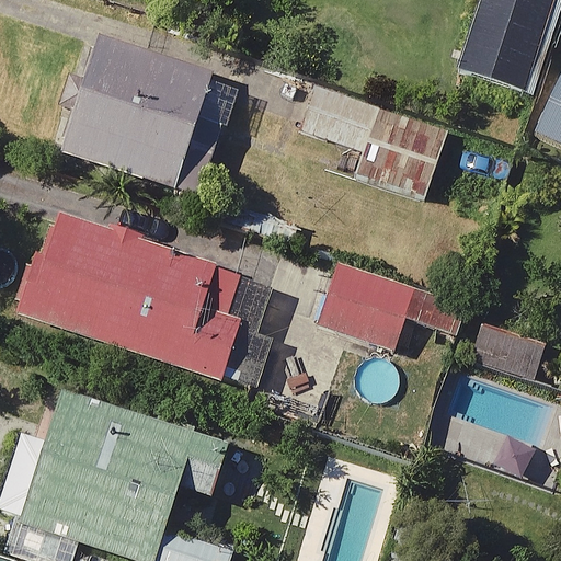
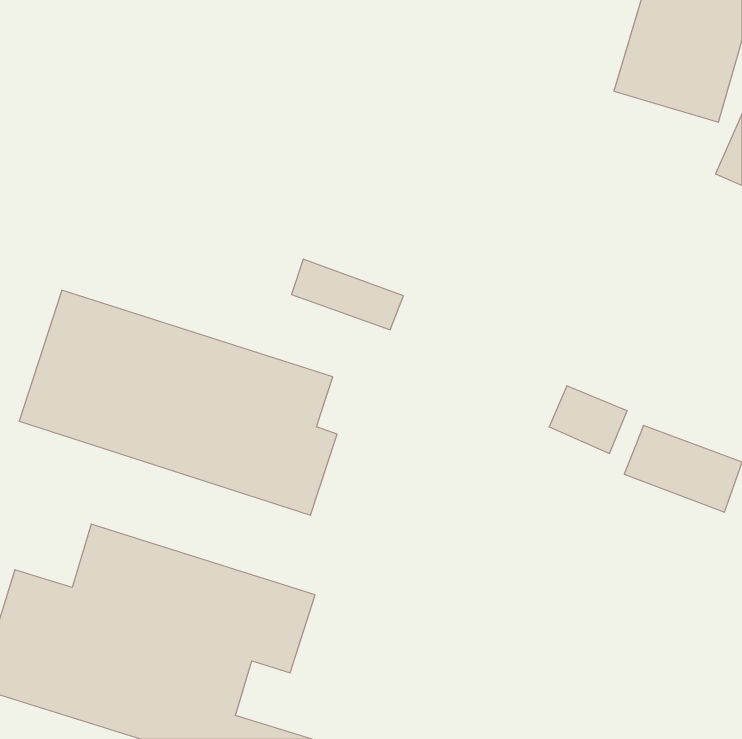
building: [58,35,226,194] -> none
building: [306,88,446,196] -> none
building: [319,262,413,348] -> none

